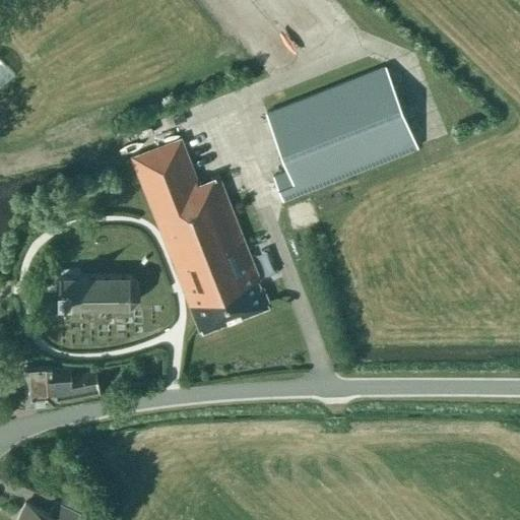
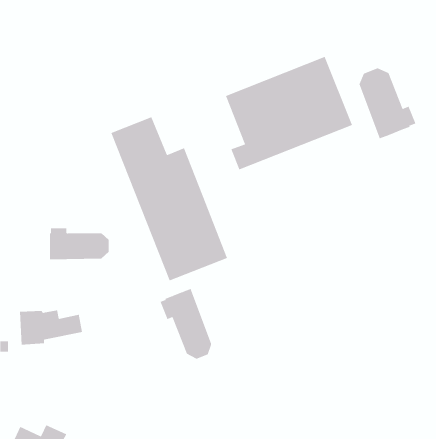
building: none -> [359,68,416,139]
building: none -> [160,288,212,360]

